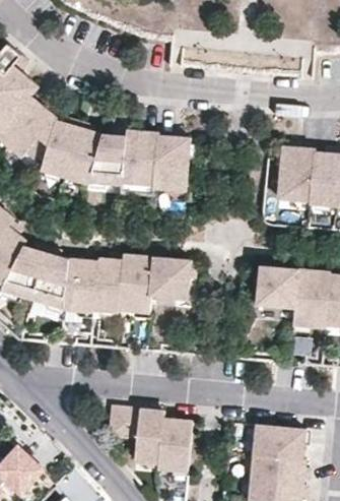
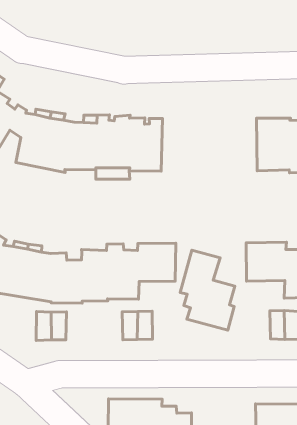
building: none -> [180,250,235,330]

